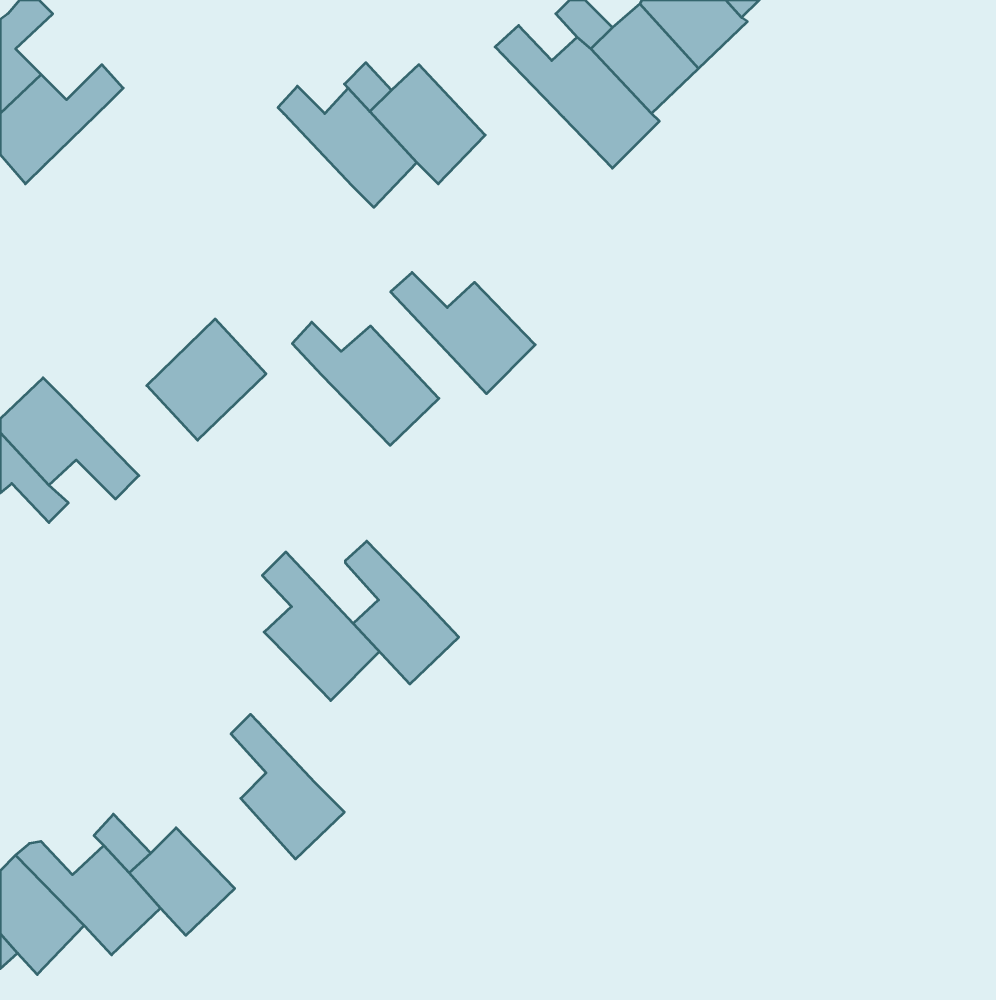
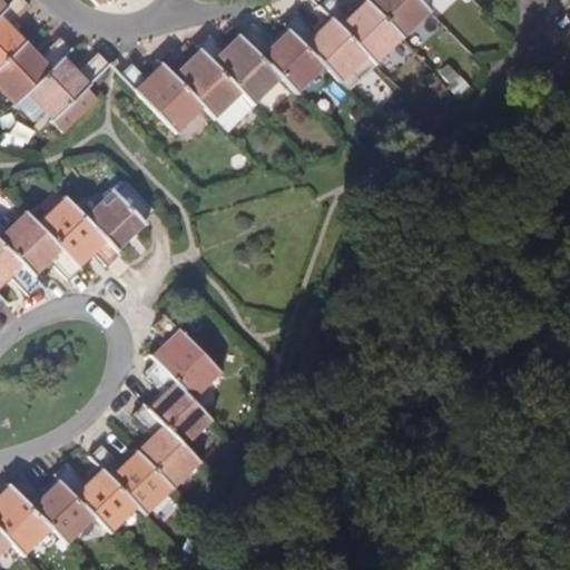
building: none -> [28,55,110,120]
building: [391,272,535,394] -> [240,26,323,95]
building: [292,322,439,445] -> [119,62,203,132]
building: none -> [40,200,120,267]
building: [345,541,459,684] -> [145,364,209,445]
building: none -> [91,446,170,514]

